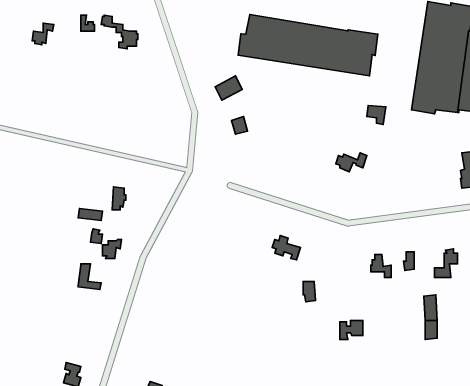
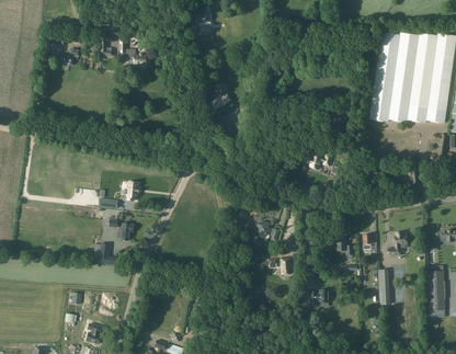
building: [238,14,378,76] -> none

